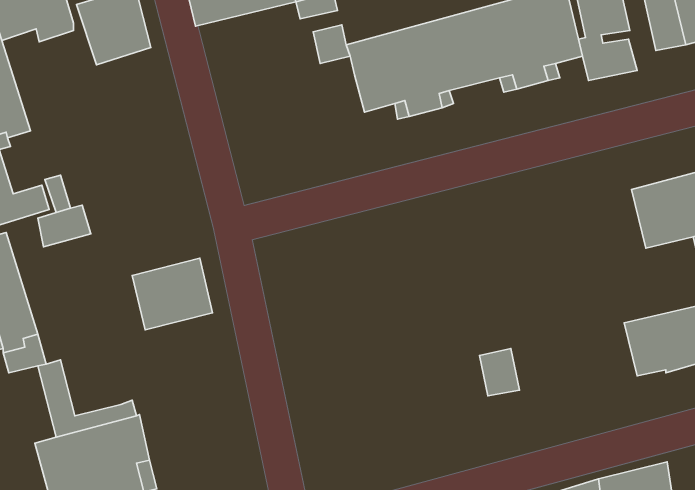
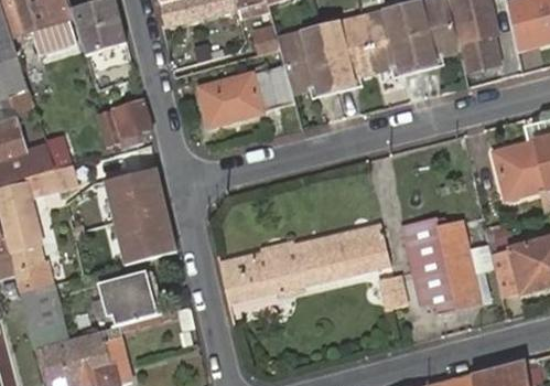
building: none -> [199,63,295,122]
building: none -> [97,98,152,146]
building: none -> [104,163,165,217]
building: none -> [219,219,390,302]
building: none -> [403,226,482,315]
building: none -> [98,271,163,325]
building: none -> [19,287,55,347]

